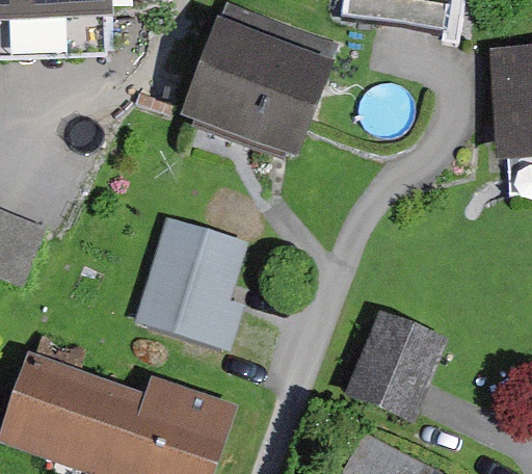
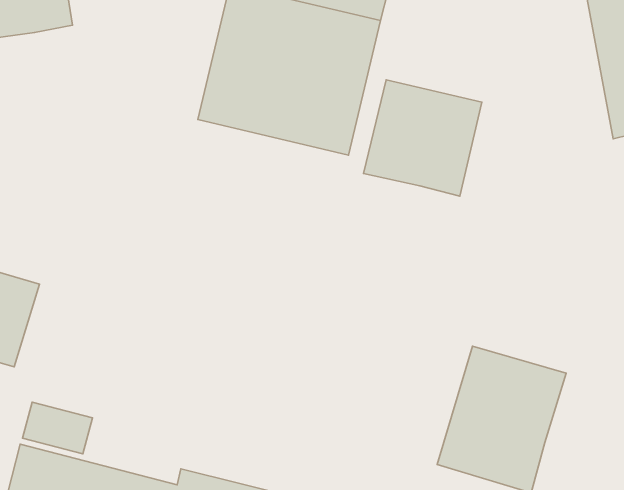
building: none -> [363,80,482,196]
building: [139,214,258,348] -> none

